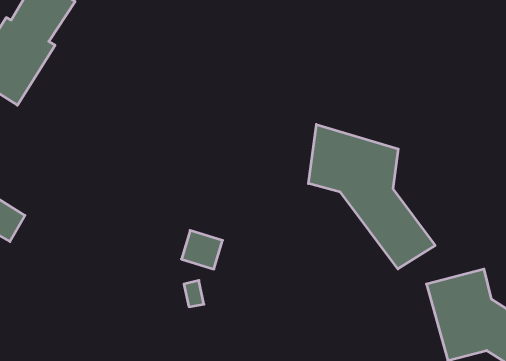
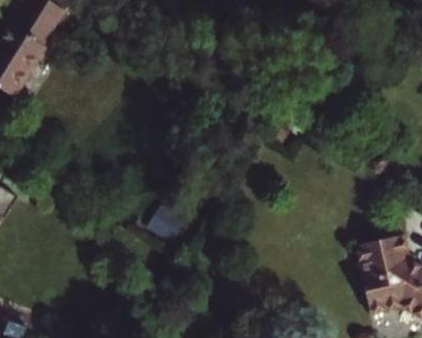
building: [308,124,435,269] -> none

